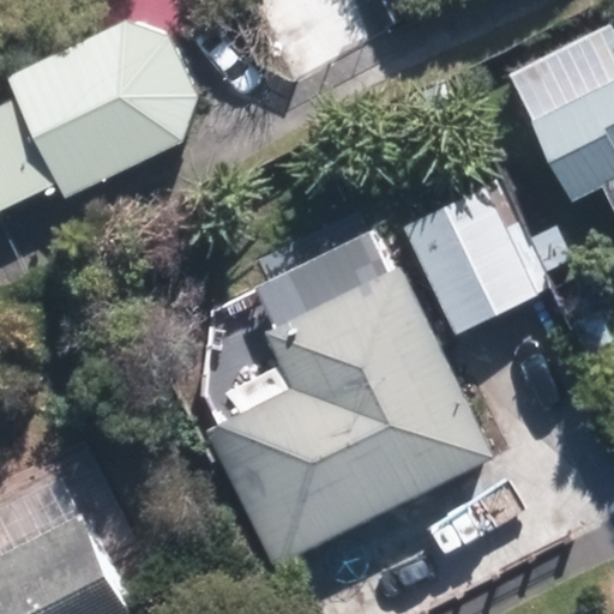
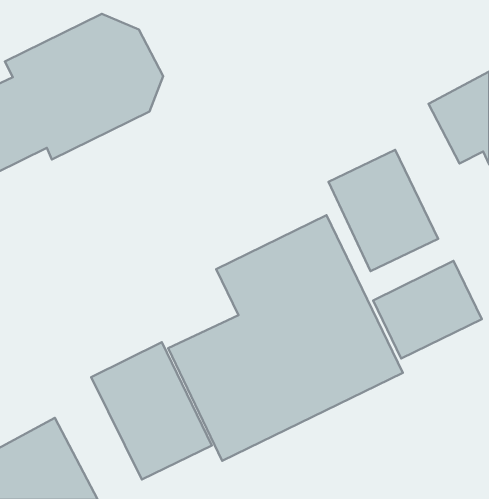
building: none -> [373,261,482,358]
building: none -> [91,342,212,479]

